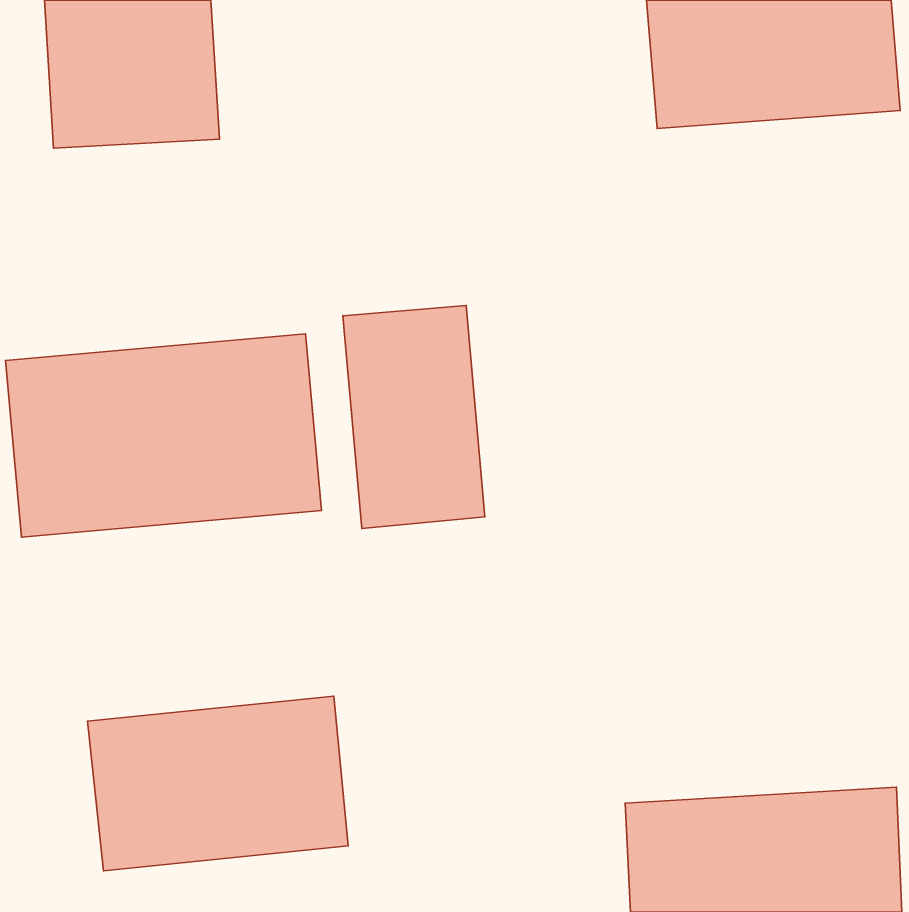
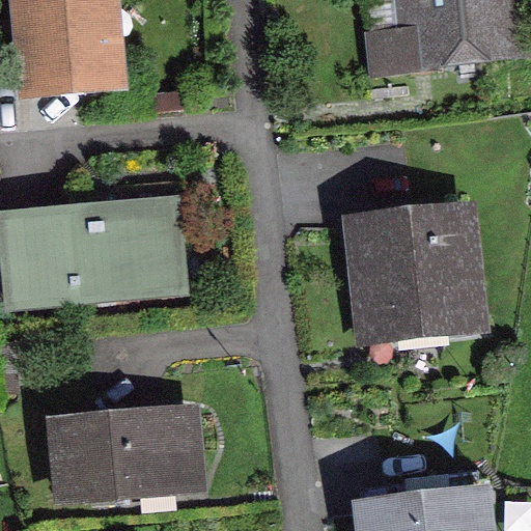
building: [343,306,485,529] -> none
building: none -> [339,219,476,355]

